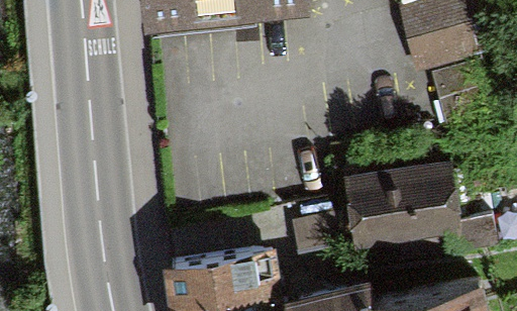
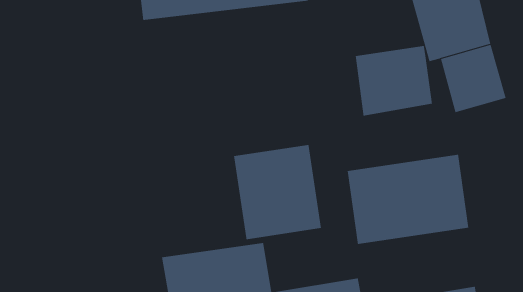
building: none -> [355,45,433,117]
building: none -> [234,144,322,240]

